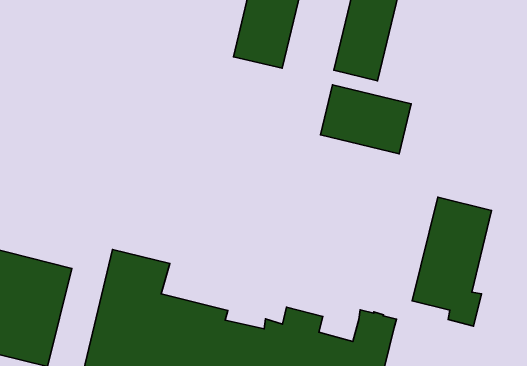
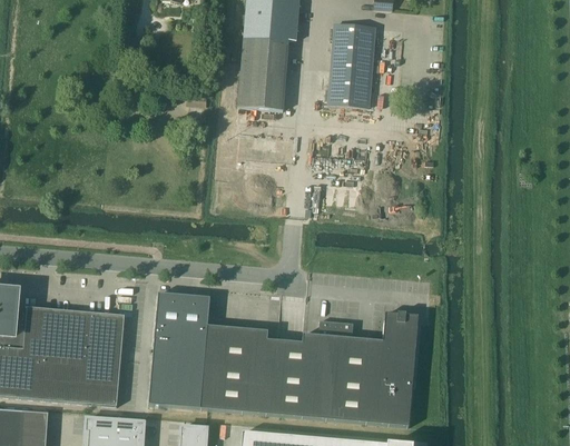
building: [320,85,411,154] -> none
building: [412,197,492,326] -> none

